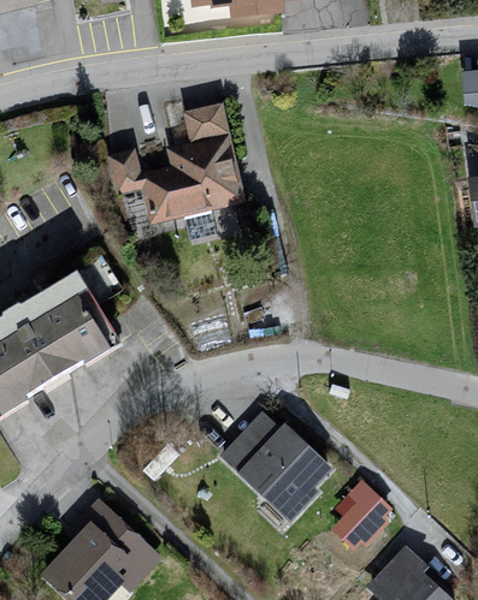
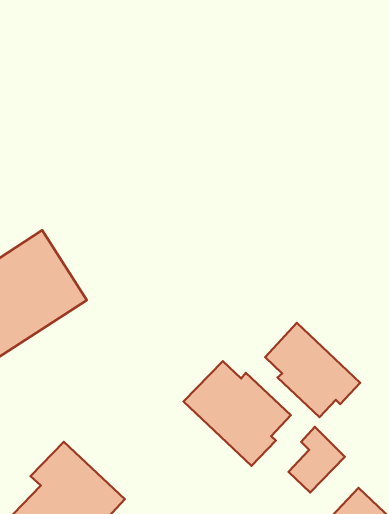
building: [108,105,246,226] -> none
building: none -> [265,323,360,417]

